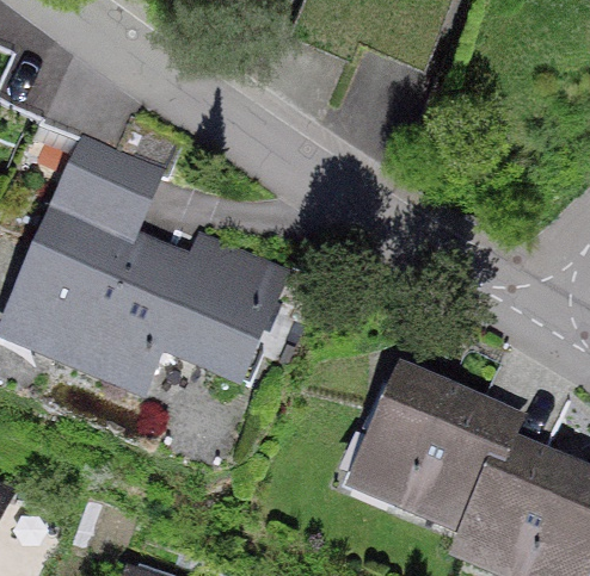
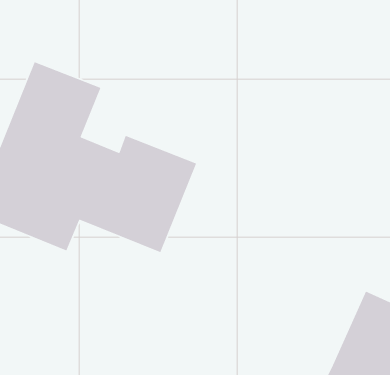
building: [343,363,522,539] -> none

